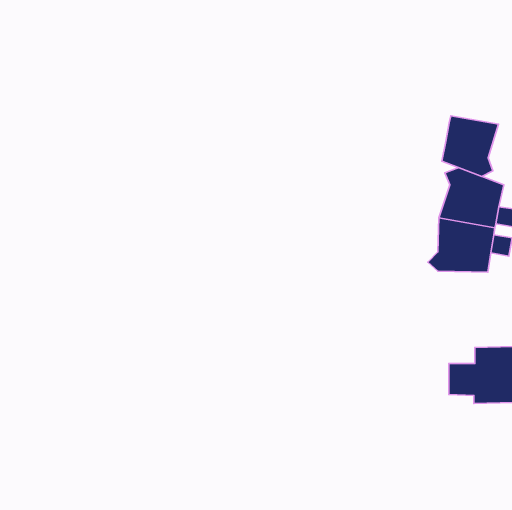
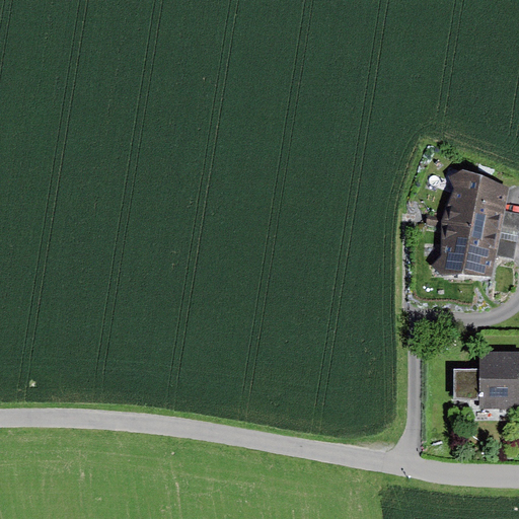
building: [442,116,498,176] -> none

